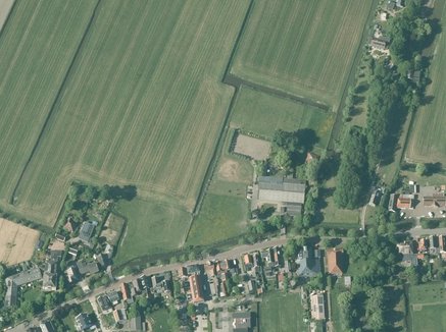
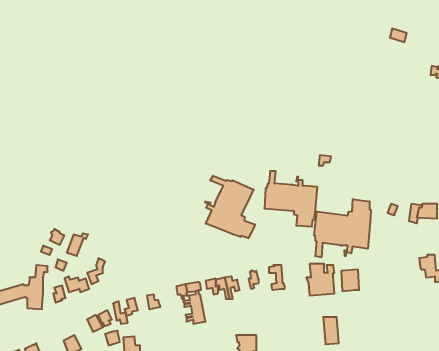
building: none -> [205,176,255,238]
building: none -> [314,199,371,257]

